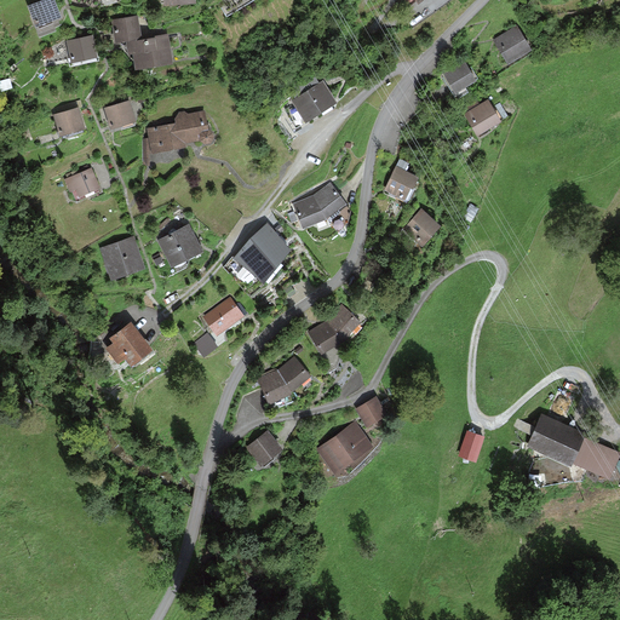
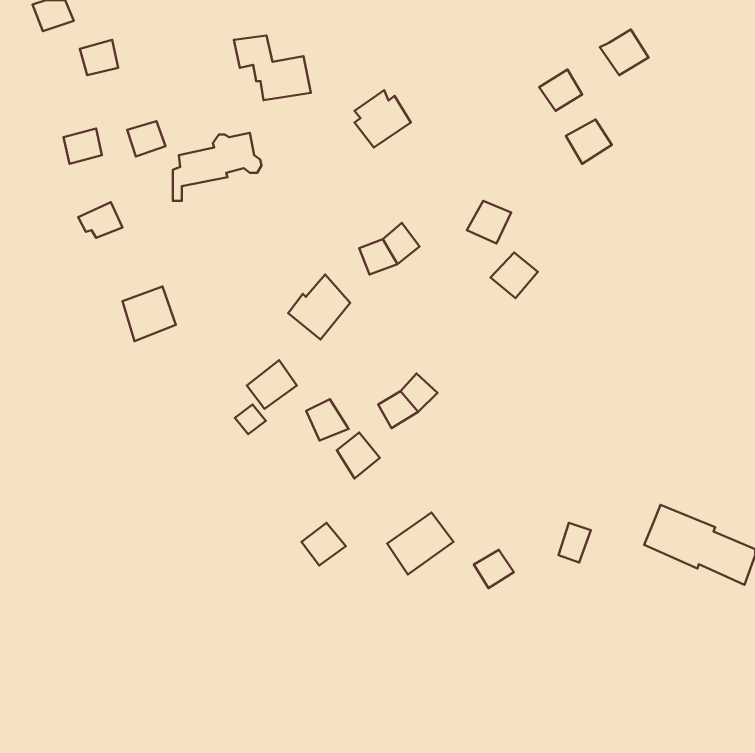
building: [110,16,173,69] -> [234,35,311,100]
building: [157,224,202,268] -> none
building: [104,320,151,364] -> none
building: [257,371,292,404] -> [306,399,349,440]
building: [355,396,388,427] -> [474,550,514,588]

